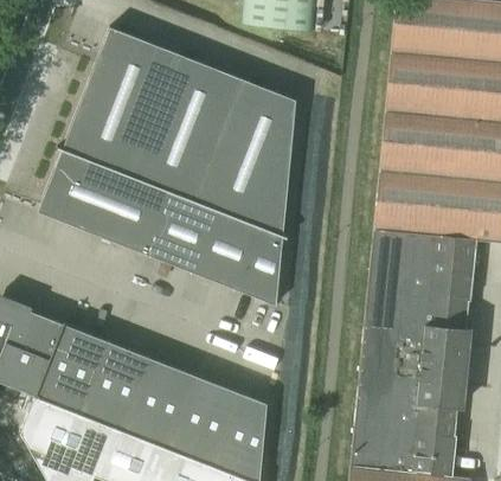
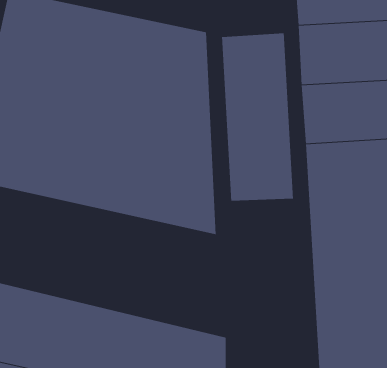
building: none -> [222,33,294,202]

